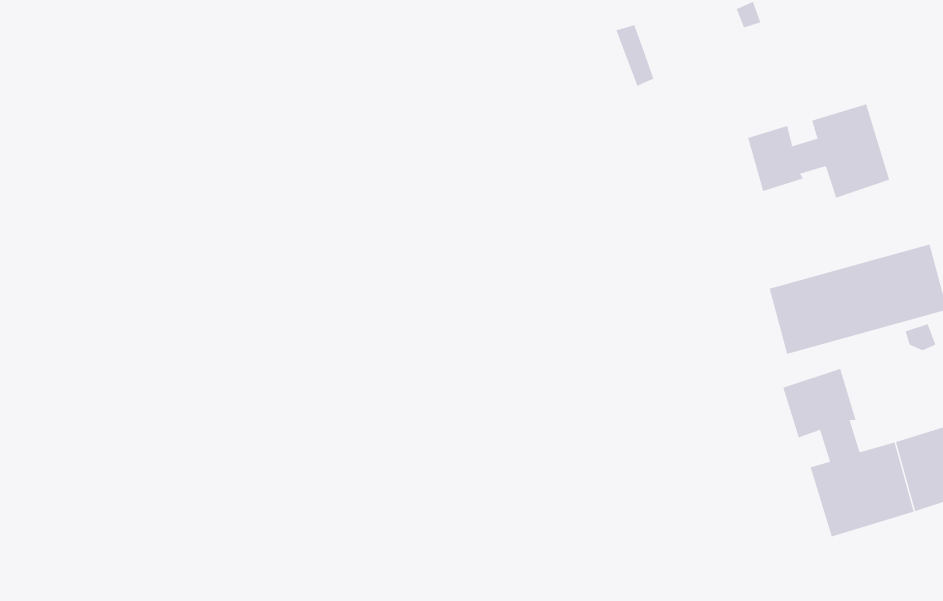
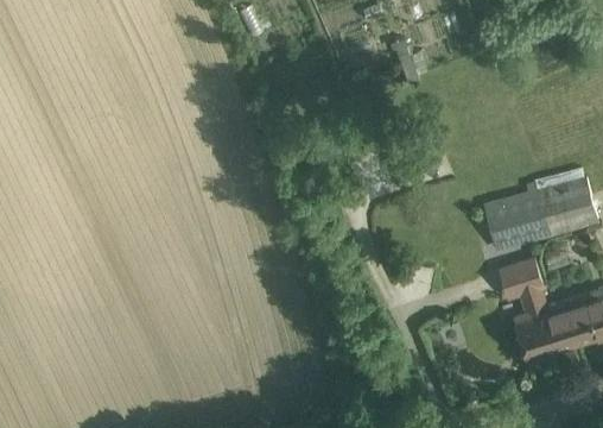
building: [748,103,890,199] -> none

